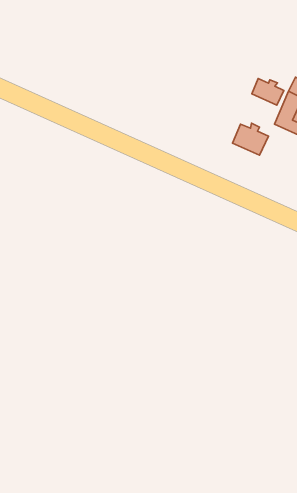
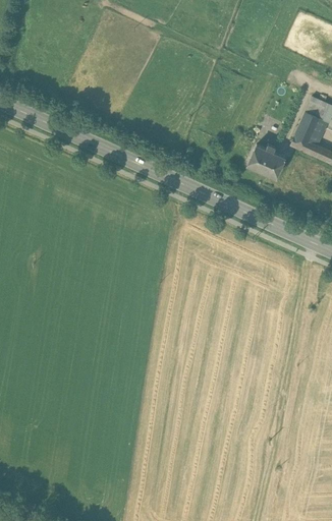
building: [252,79,284,105] -> none

